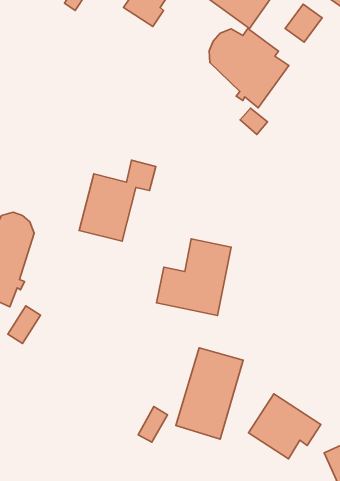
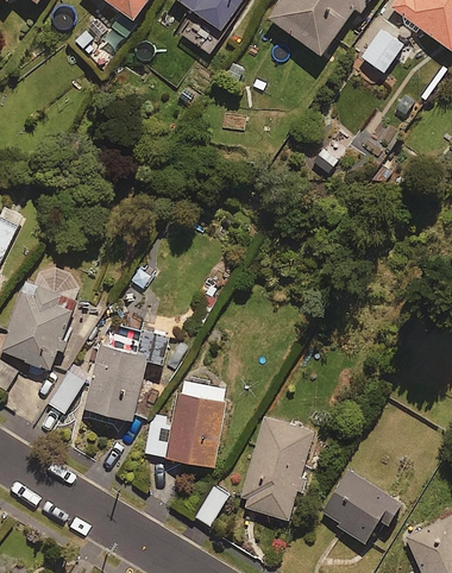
building: [209,29,289,108] -> none
building: [79,160,156,241] -> [83,330,170,422]
building: [157,239,231,316] -> [144,380,228,467]

